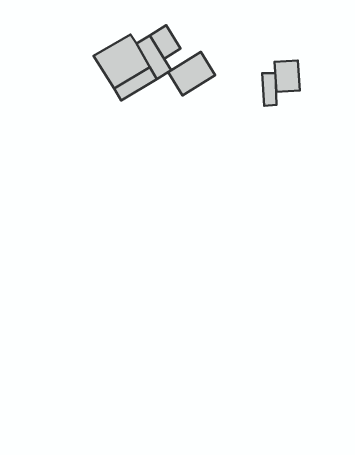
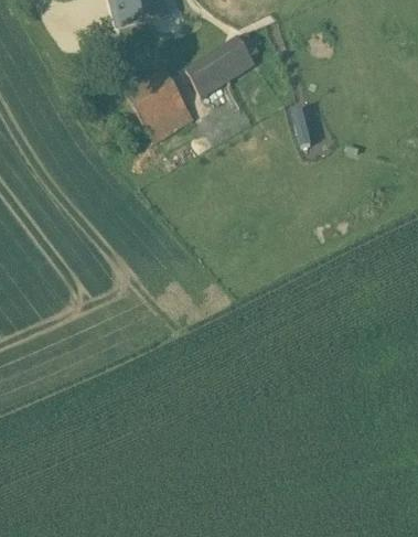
building: [168,52,215,96] -> [201,39,251,86]
building: [275,61,300,92] -> none

